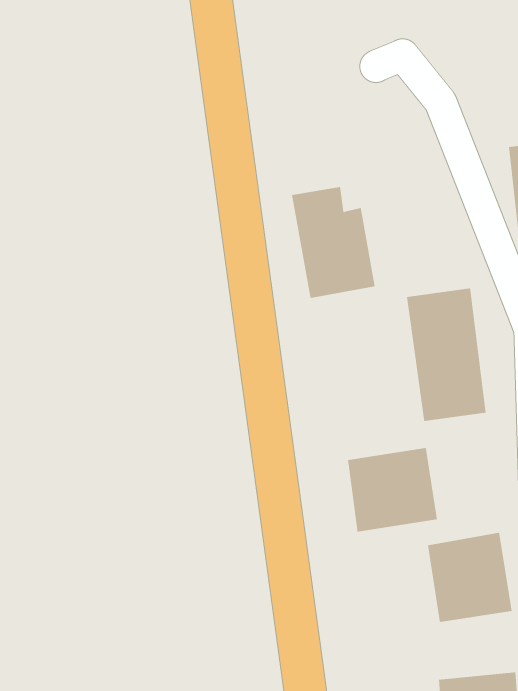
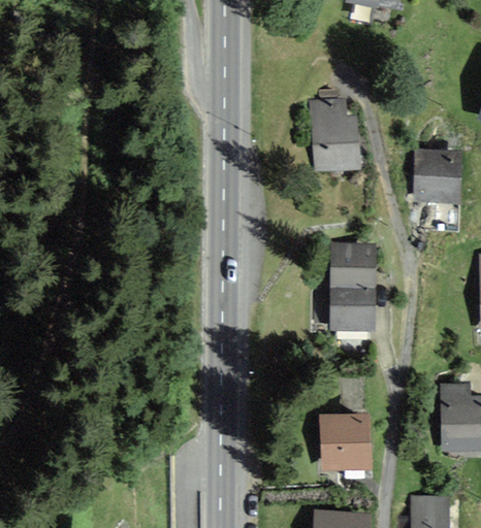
building: [291,187,375,298] -> [312,99,361,173]
building: [347,447,437,532] -> none

